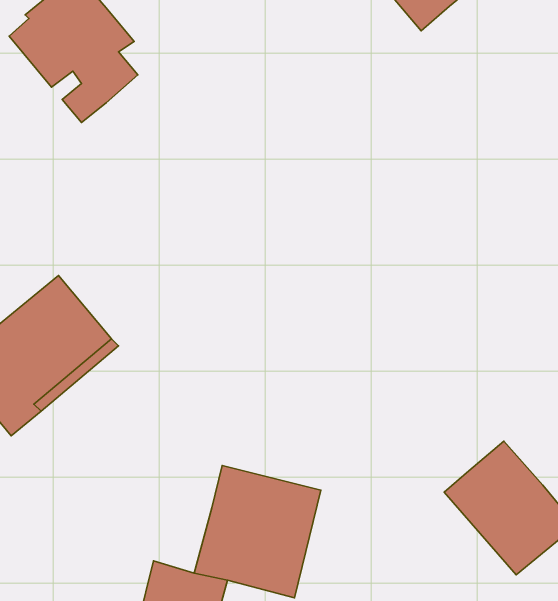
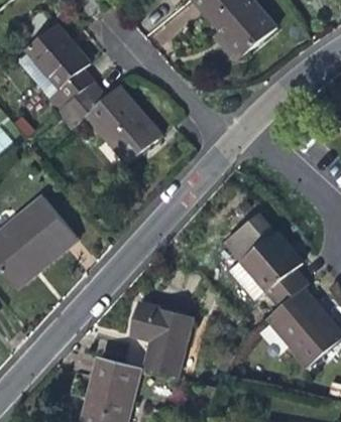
building: none -> [71,82,156,161]
building: none -> [223,217,305,308]

